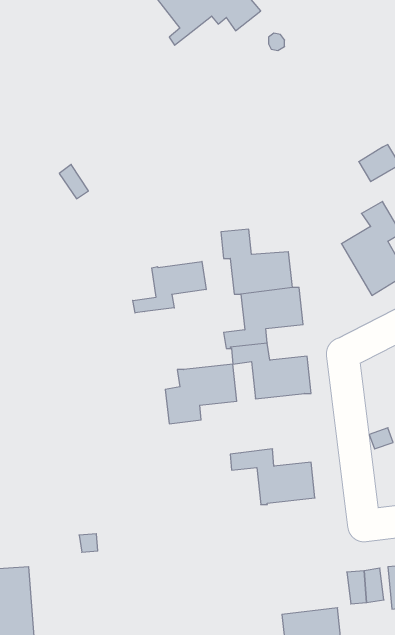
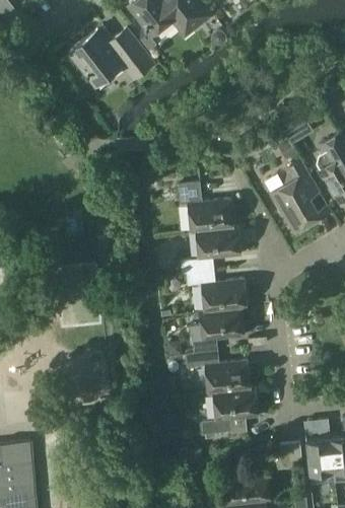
building: none -> [69,28,153,85]
building: [133,261,206,313] -> none
building: [165,364,237,424] -> [190,308,245,354]
building: none -> [201,388,258,435]

